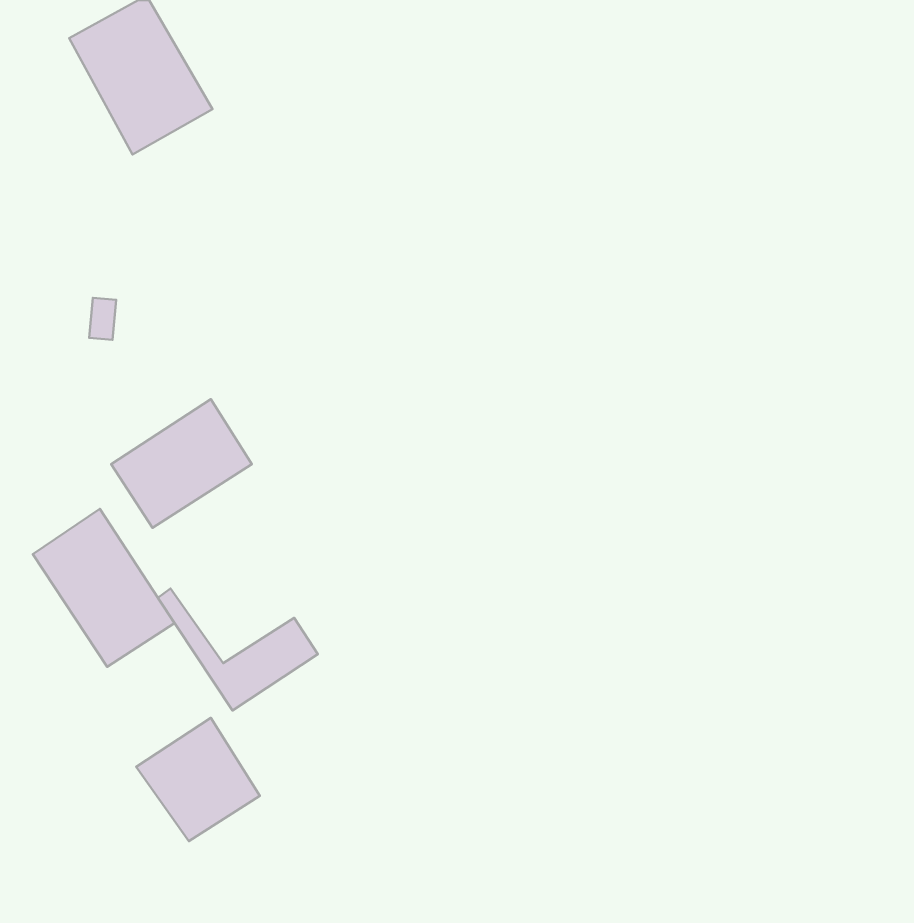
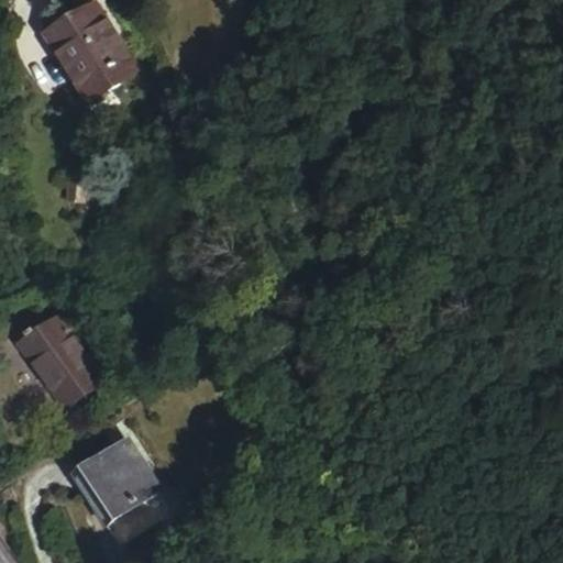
building: [111,399,252,528] -> none
building: [158,589,318,710] -> [75,467,172,541]

